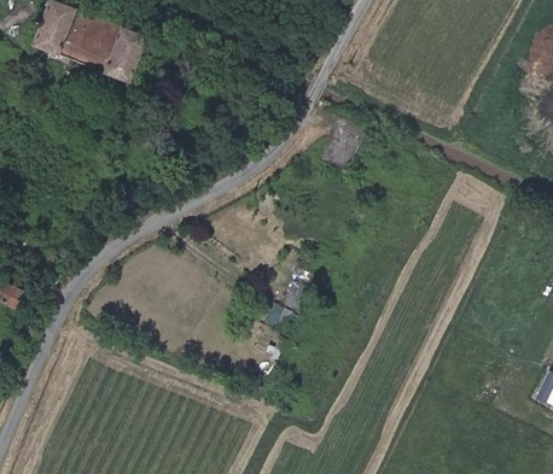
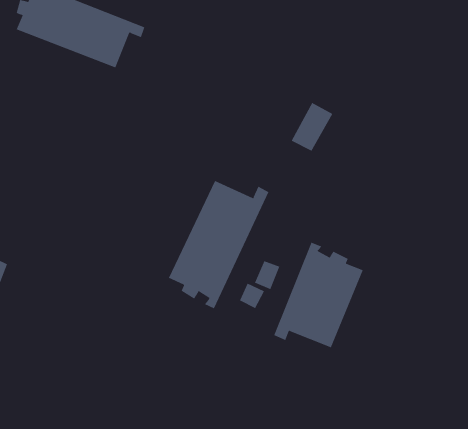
building: none -> [168,180,269,309]
building: none -> [274,242,364,348]

